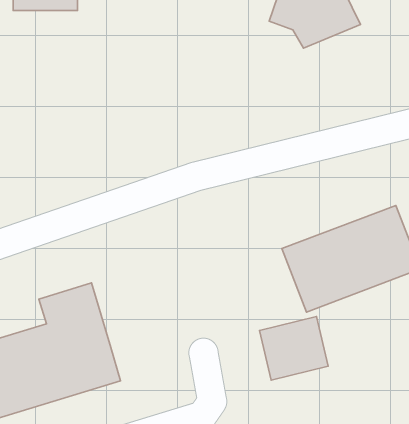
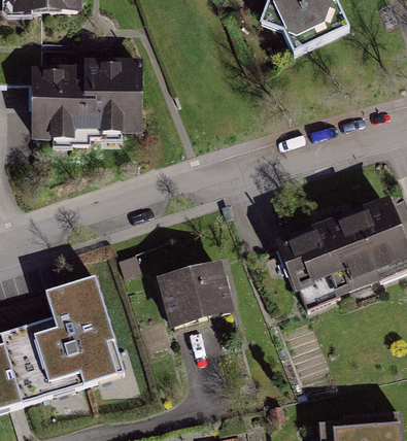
building: none -> [31,62,136,137]
building: [259,317,328,380] -> [161,265,227,326]

